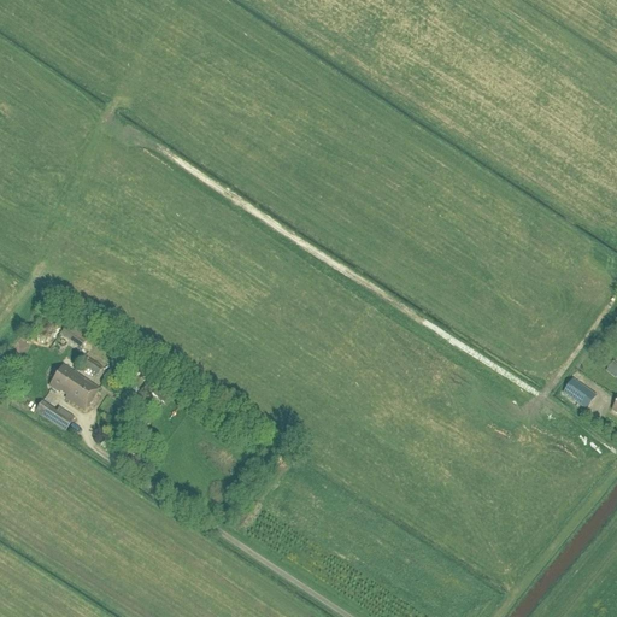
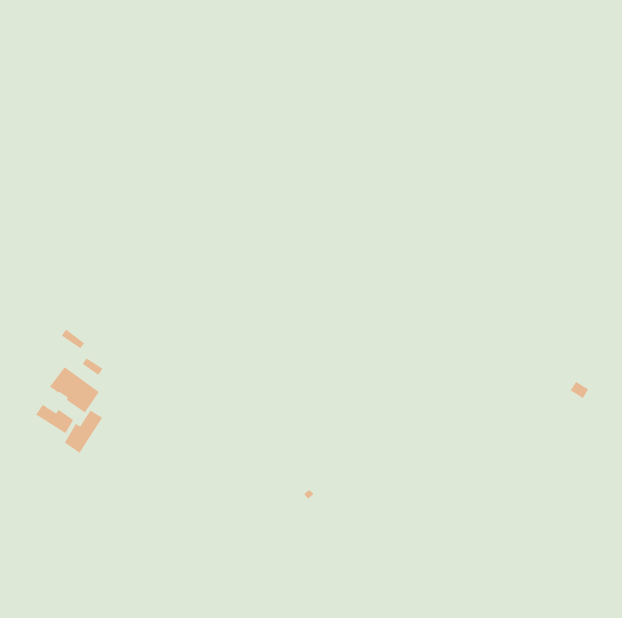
building: none -> [64,410,103,454]

